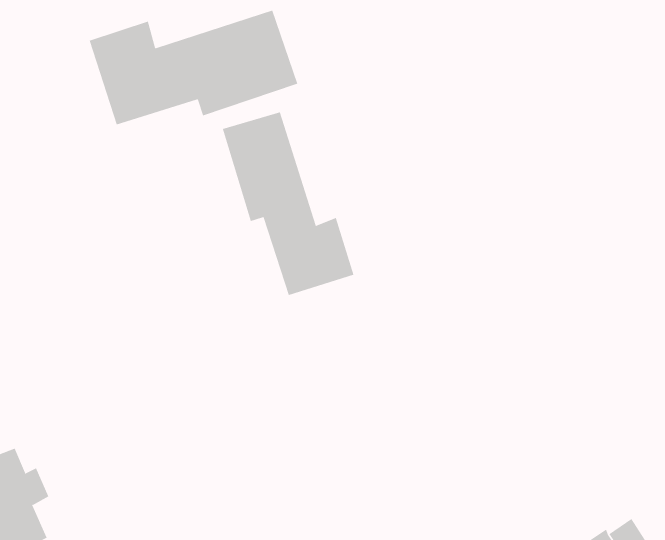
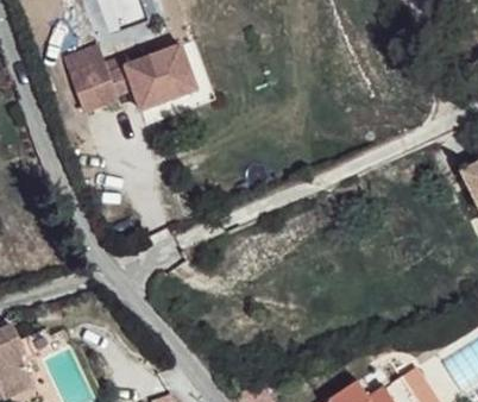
building: [222,112,354,296] -> none

